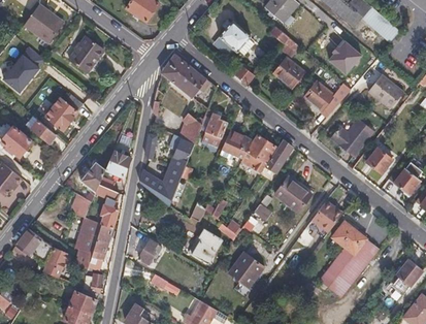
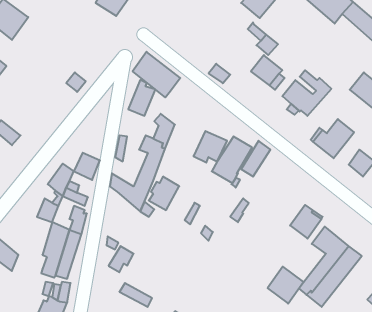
building: [218,21,250,53] -> none
building: [66,35,102,73] -> none
building: [326,37,356,68] -> none
building: [44,94,81,130] -> none
building: [201,112,227,147] -> [128,80,155,116]
building: [274,176,312,212] -> none
building: [191,230,220,262] -> [149,177,179,210]
building: [42,248,71,278] -> none
building: [229,252,263,287] -> [268,267,303,304]

